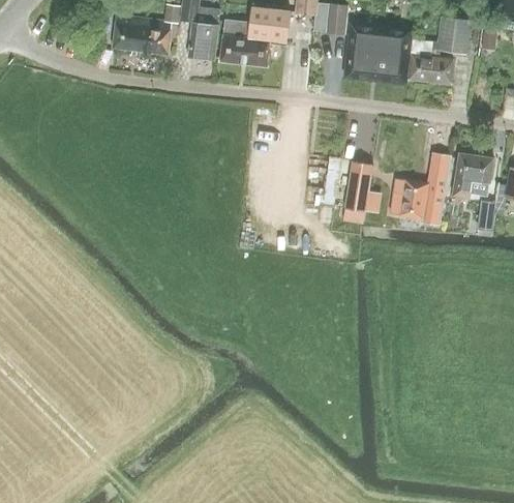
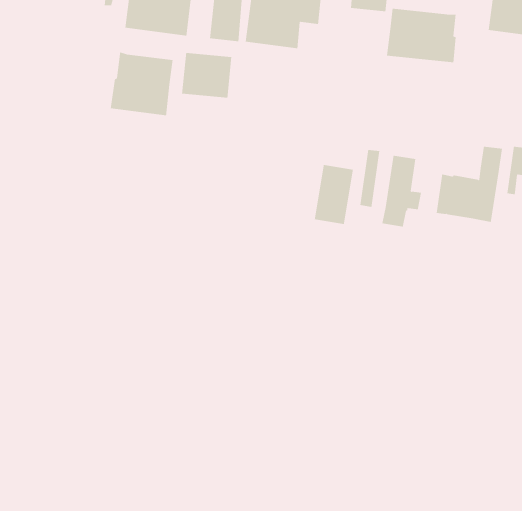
building: [409,39,453,83] -> none
building: none -> [110,52,173,116]
building: none -> [182,52,232,99]
building: none -> [314,164,354,225]

